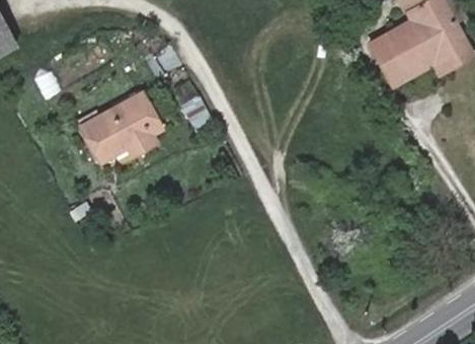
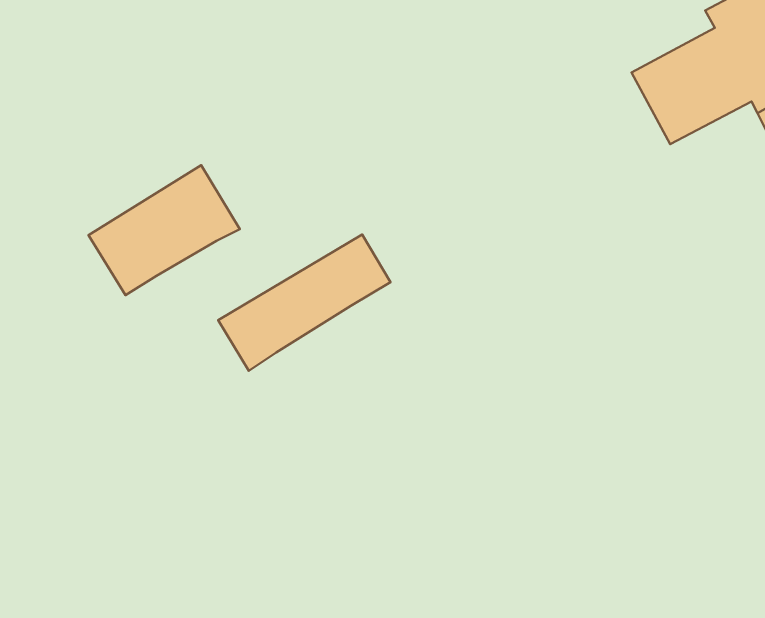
building: none -> [218,234,391,371]

